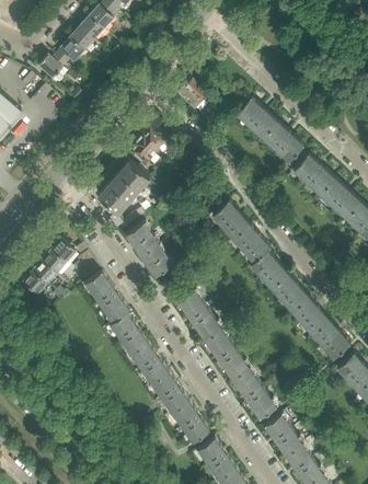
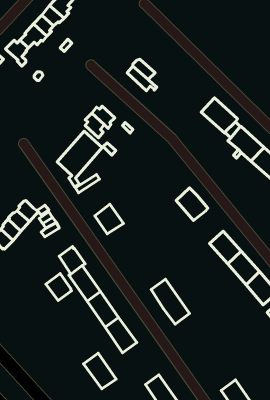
building: [235,97,277,138] -> none
building: [212,200,249,239] -> none
building: [126,223,158,256] -> none
building: [250,251,287,288] -> none
building: [85,272,115,302] -> [46,274,72,300]
building: [177,290,221,341] -> none
building: [232,368,276,418] -> none
building: [172,401,209,441] -> [84,353,116,389]
building: [264,415,301,456] -> none

